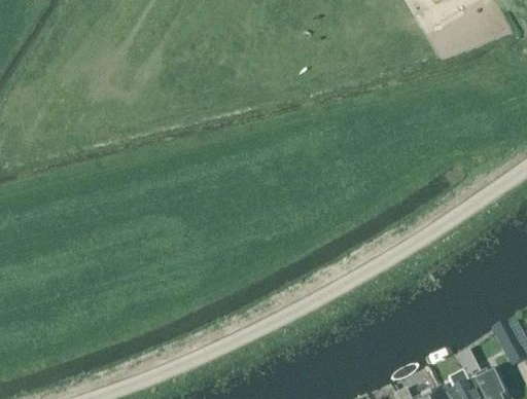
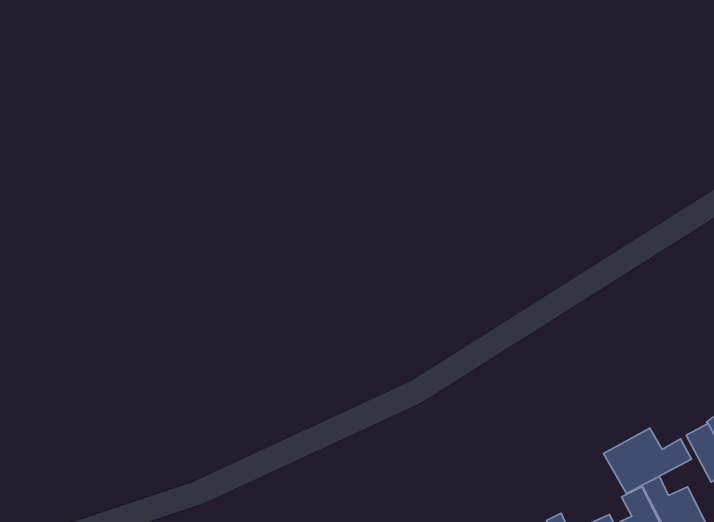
building: none -> [603,428,692,493]

